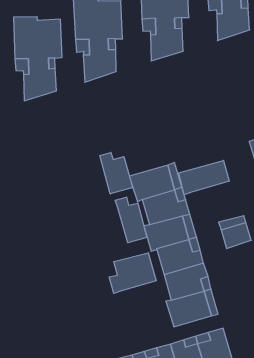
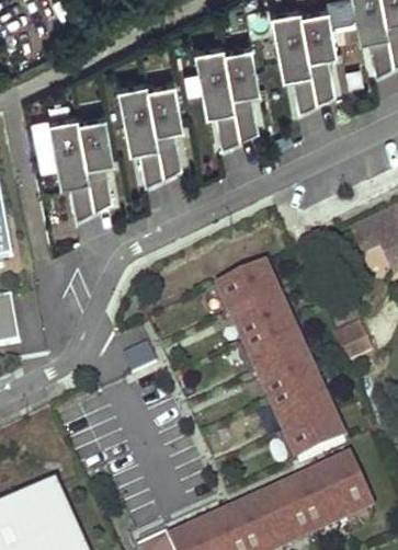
building: [100,152,132,194] -> none
building: [179,160,229,195] -> none
building: [115,197,147,243] -> none
building: [109,253,156,293] -> none

